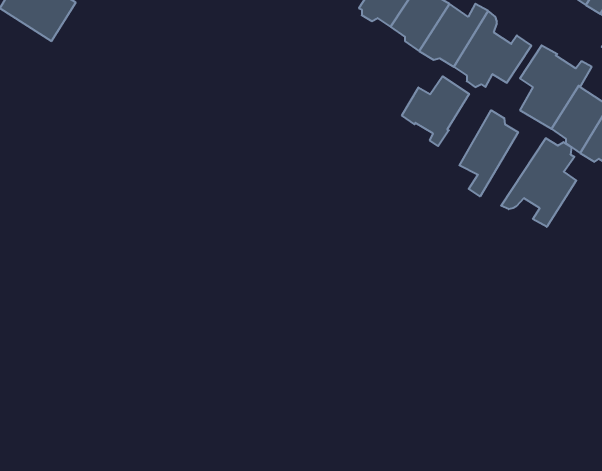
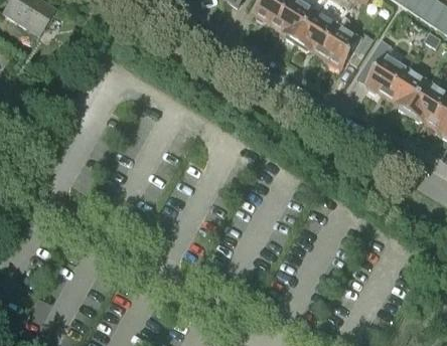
building: [402,76,469,146] -> none
building: [459,110,518,196] -> none
building: [501,138,576,227] -> none

